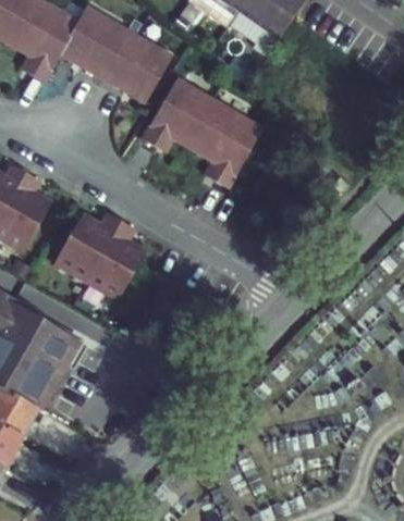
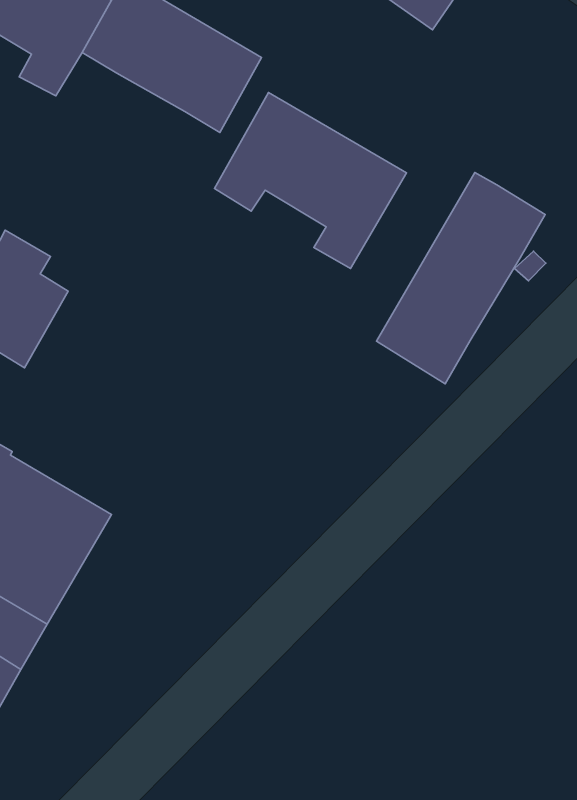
building: none -> [377,173,545,384]
building: [54,212,147,298] -> none

